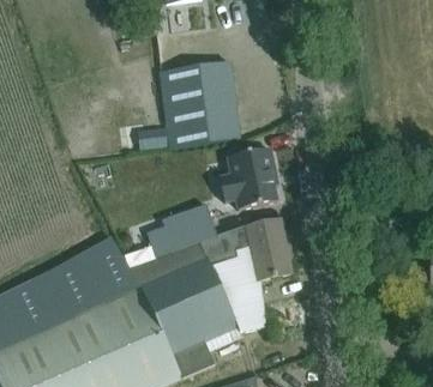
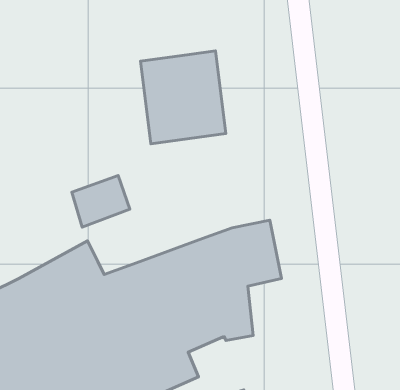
building: [219,146,277,206] -> none
building: [164,202,218,250] -> [72,175,130,227]

